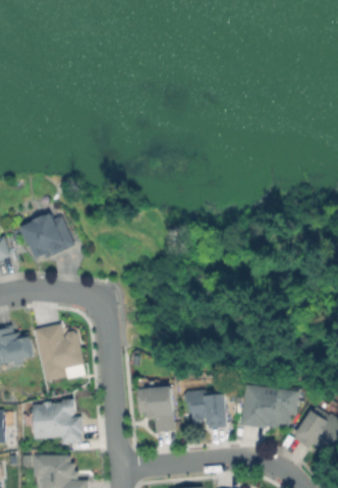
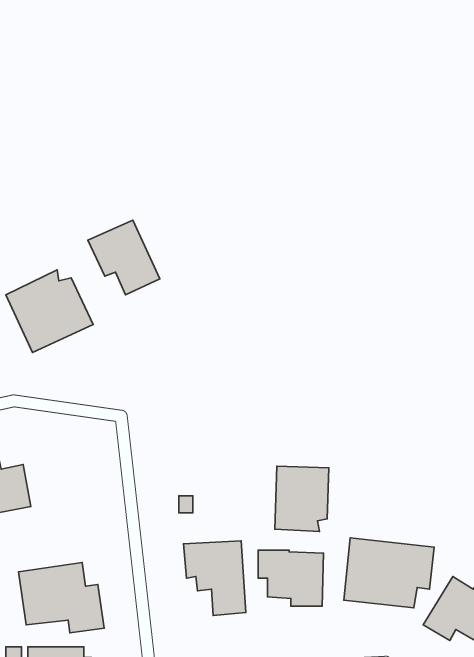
building: none -> [88,220,160,295]
building: [34,322,82,382] -> none
building: none -> [275,466,329,531]

